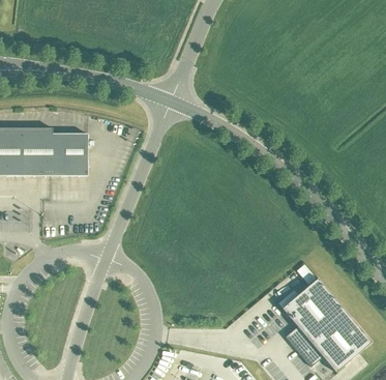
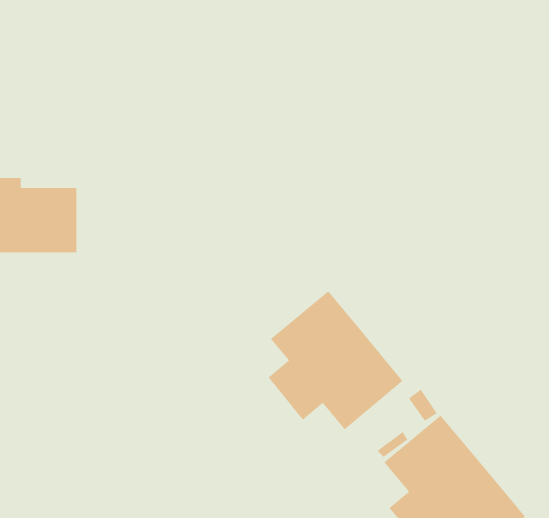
building: none -> [268,290,403,430]

